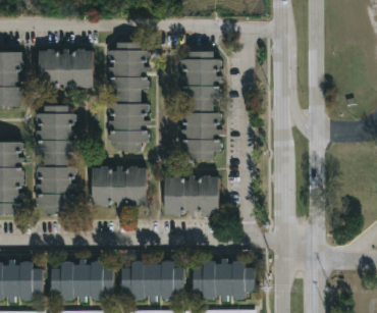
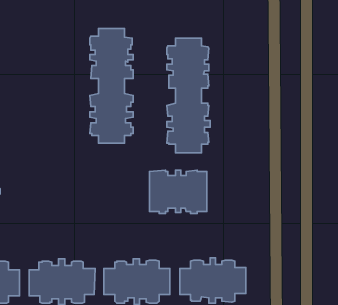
building: [38,47,92,89] -> none
building: [35,104,76,212] -> none
building: [91,164,146,207] -> none

